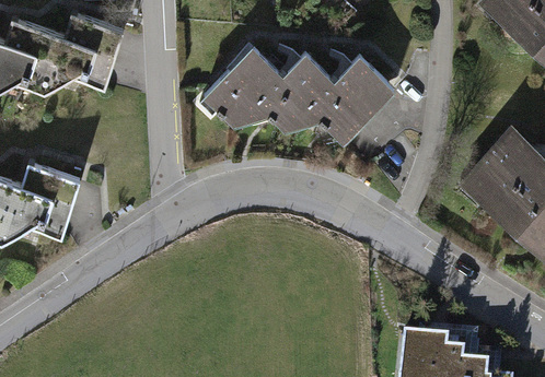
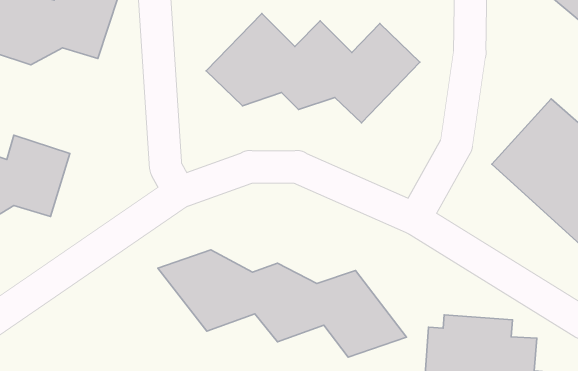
building: none -> [158,250,406,357]

